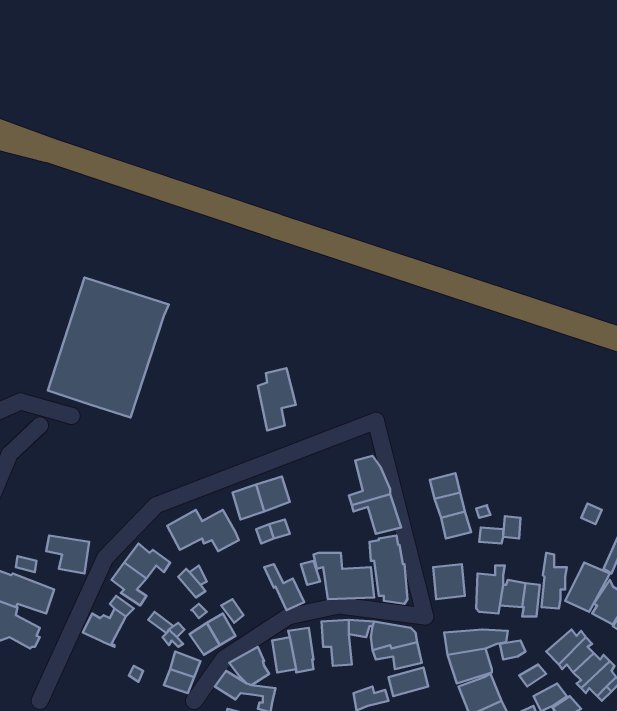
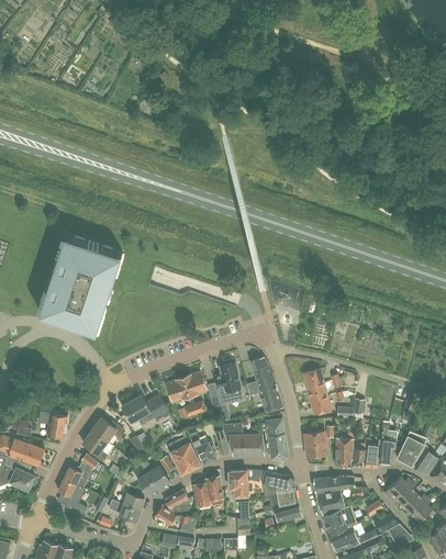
building: [258,368,296,430] -> [214,362,241,405]
building: none -> [168,436,200,474]
building: none -> [57,479,86,515]

